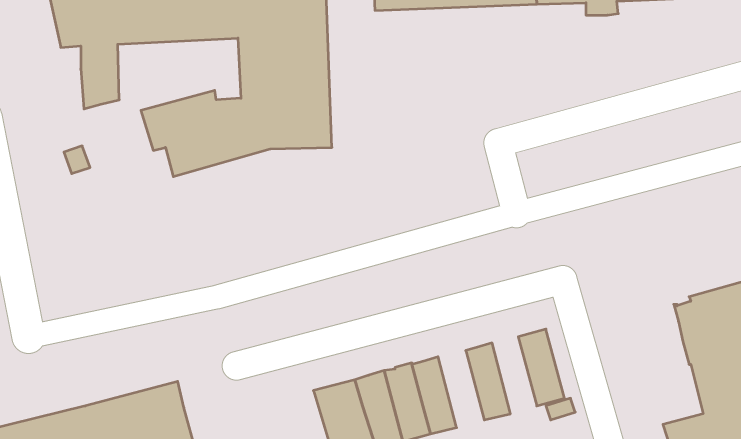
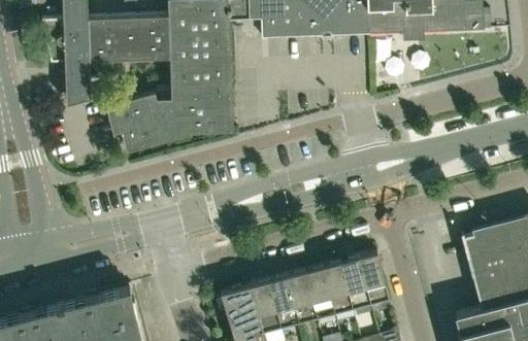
building: none -> [340,255,370,308]
building: none -> [304,265,335,317]

